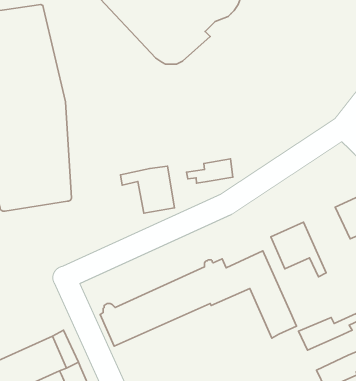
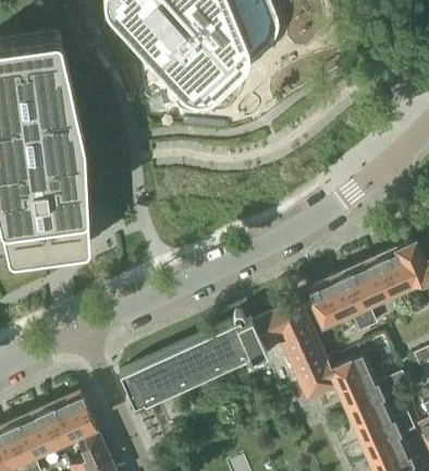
building: [187,159,233,183] -> none
building: [121,166,175,213] -> none
building: none -> [343,258,394,330]
building: none -> [329,358,373,395]
building: none -> [347,400,392,437]

